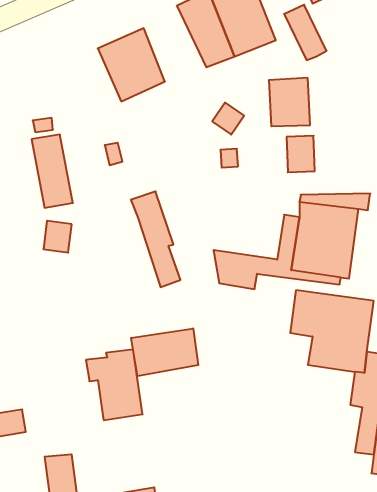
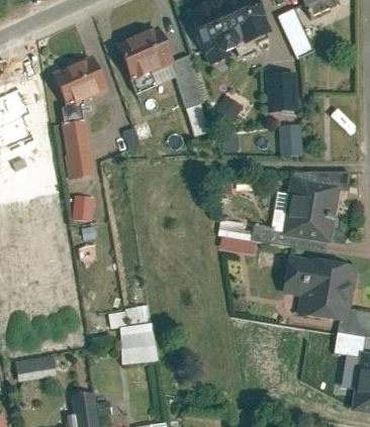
building: none -> [50,52,109,106]
building: [131,191,180,287] -> [170,54,212,135]
building: [131,328,198,376] -> none

